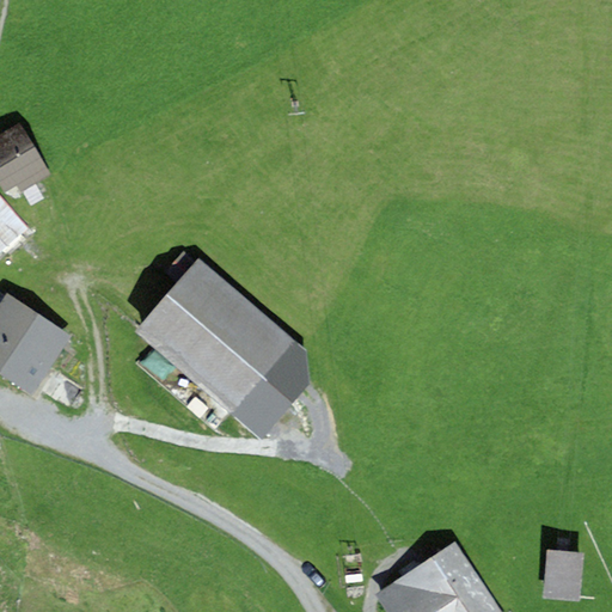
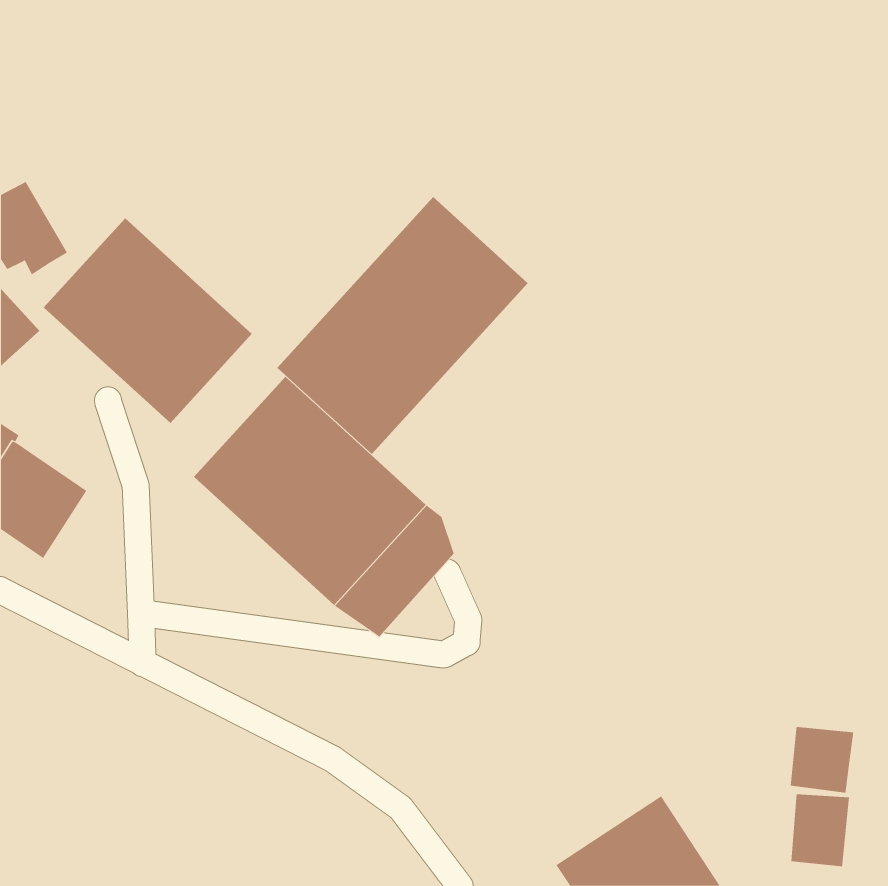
building: none -> [277,196,529,455]
building: none -> [43,217,253,424]
building: none -> [790,726,854,794]

